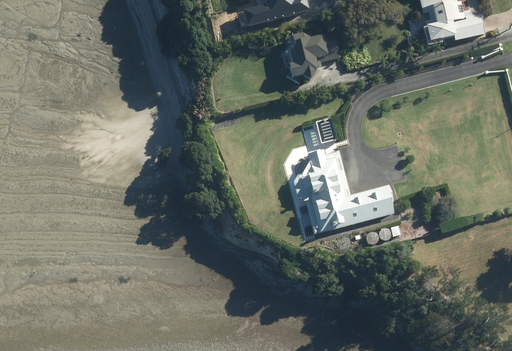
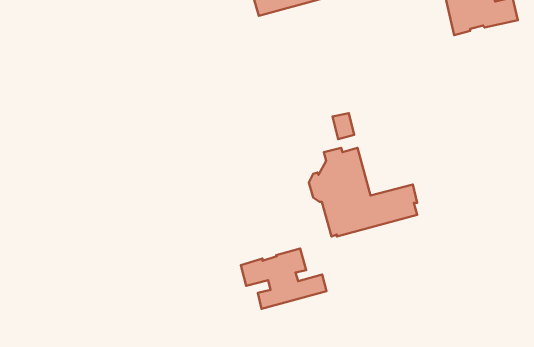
building: [281,29,339,82] -> none
building: none -> [241,249,326,309]

